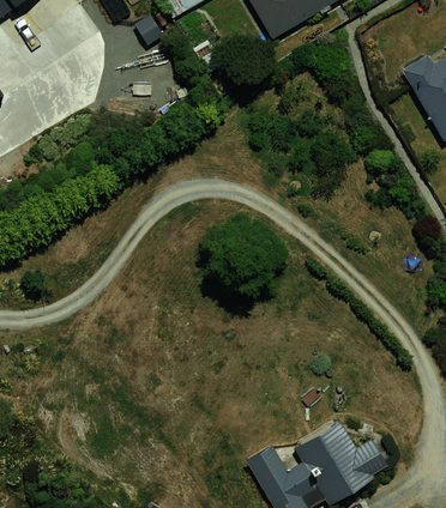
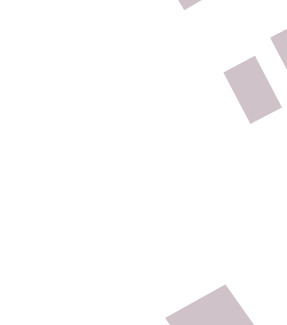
building: none -> [222,55,283,125]

